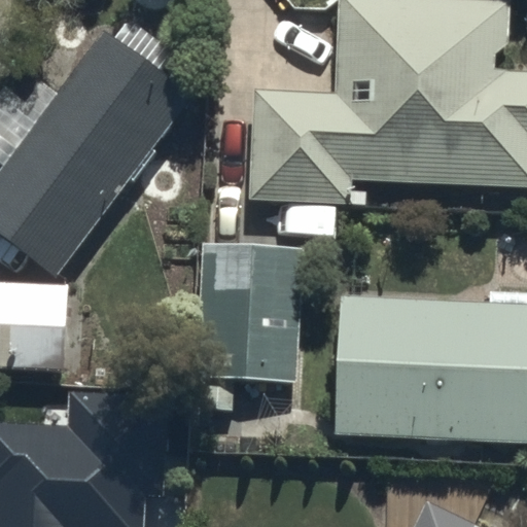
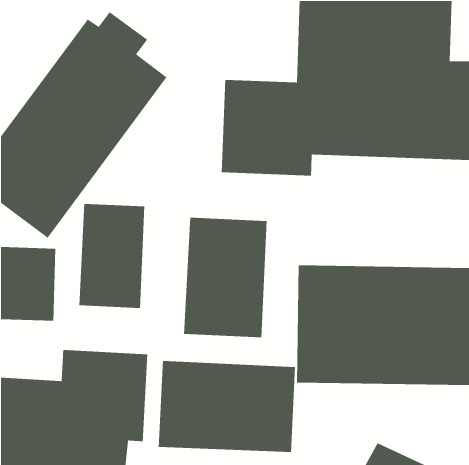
building: none -> [79,203,145,309]
building: none -> [158,360,296,453]

